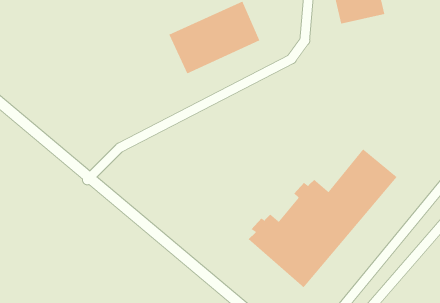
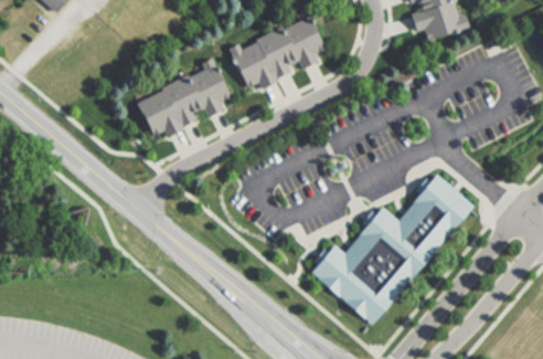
building: none -> [134,65,233,139]

